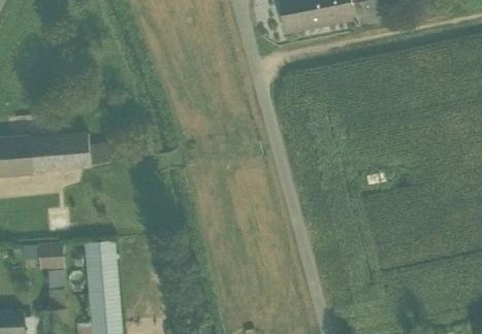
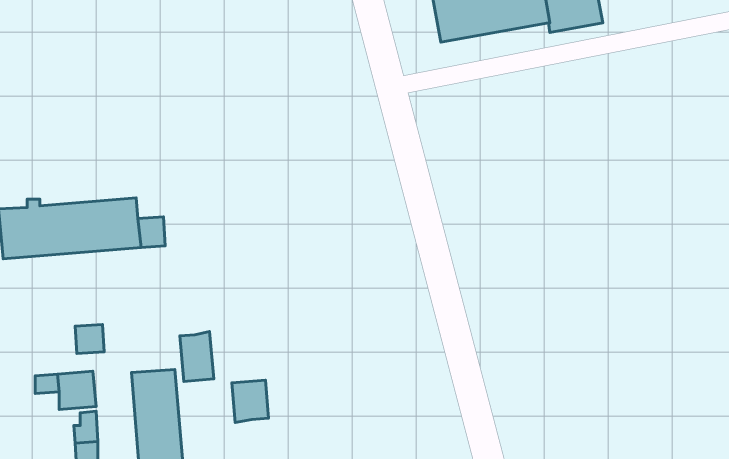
building: none -> [180,331,214,381]
building: none -> [232,380,269,423]

